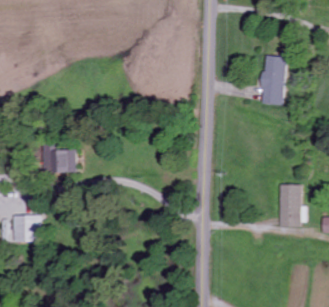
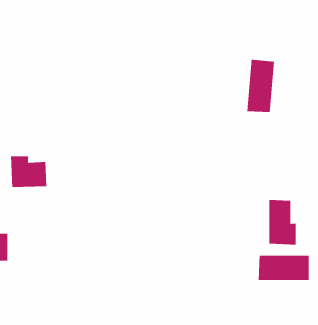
building: none -> [258,255,309,281]

